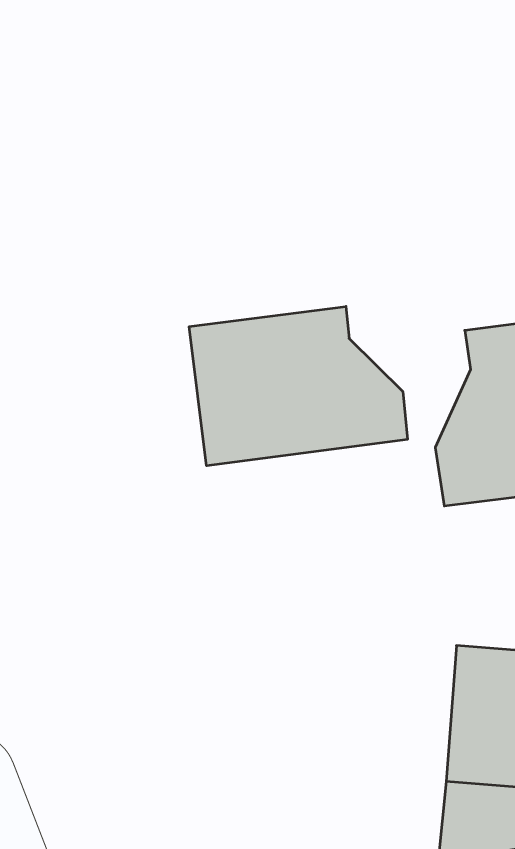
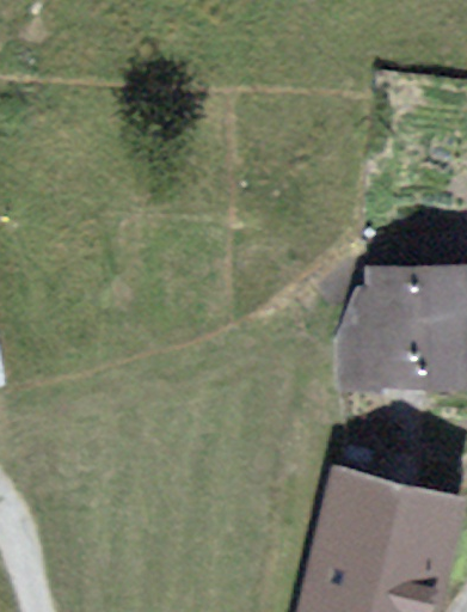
building: [189,306,407,466] -> none

